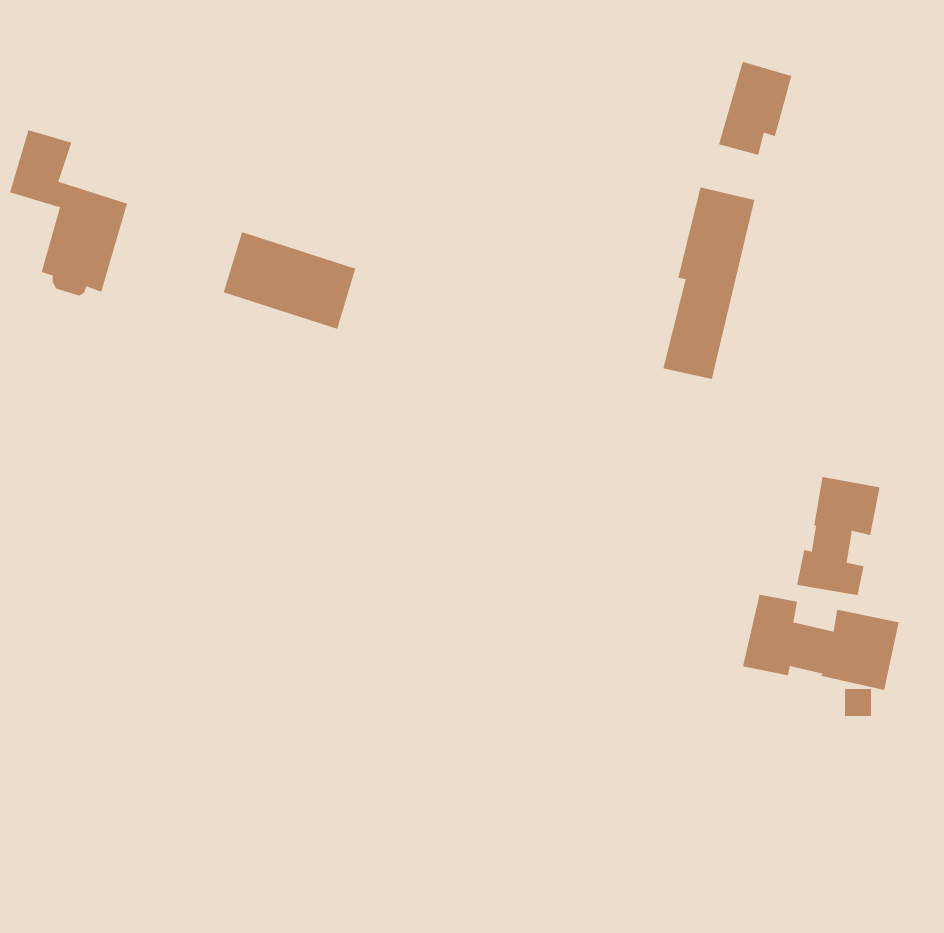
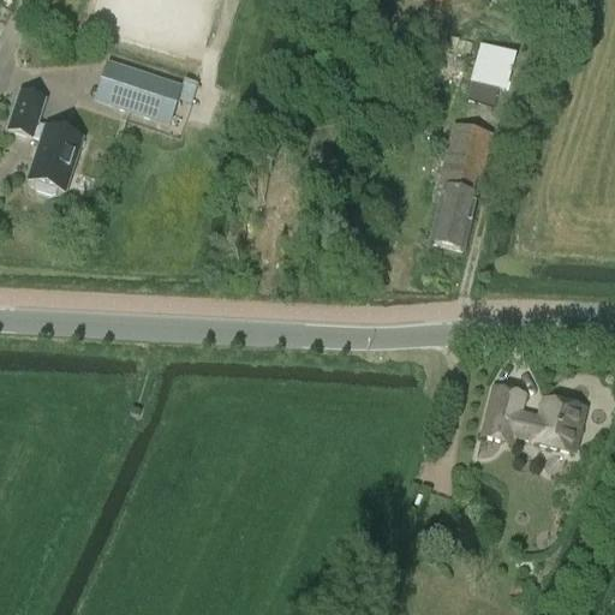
building: [223,232,356,330] -> [96,59,183,123]
building: [797,476,880,596] -> none

